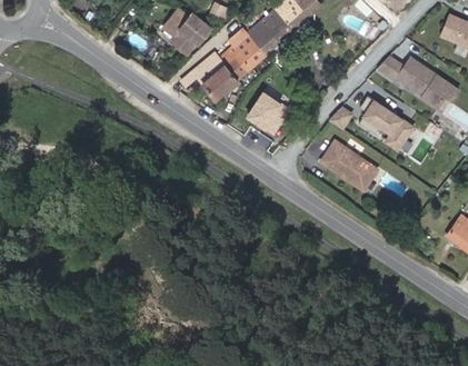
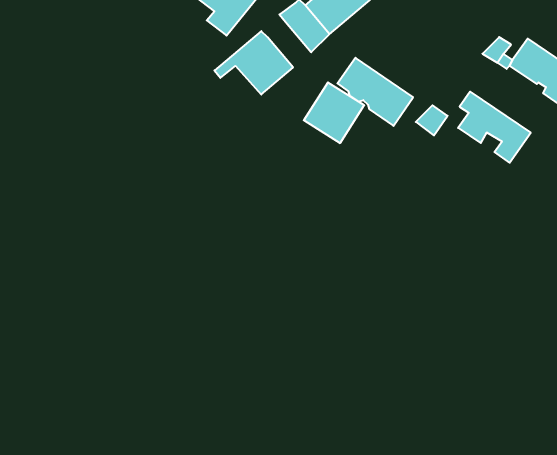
building: [219,46,251,79] -> none
building: [321,140,377,190] -> [337,58,413,126]

